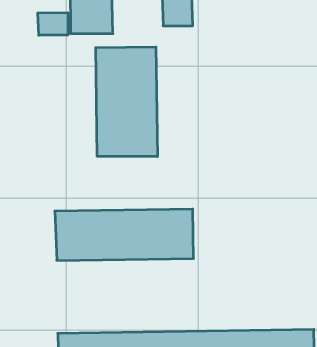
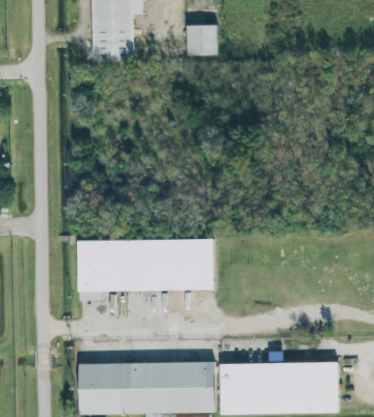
building: [38,13,68,35] -> none
building: [96,47,157,157] -> none

